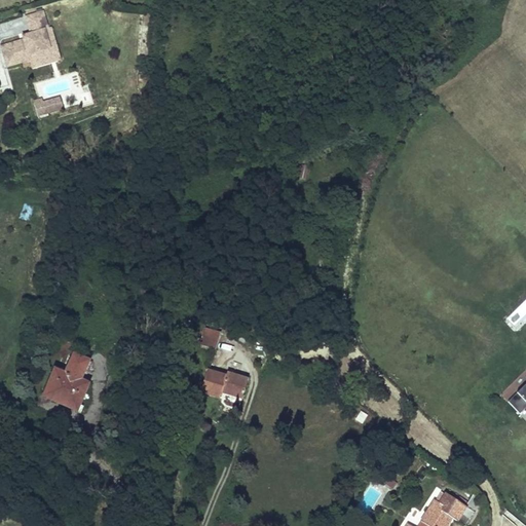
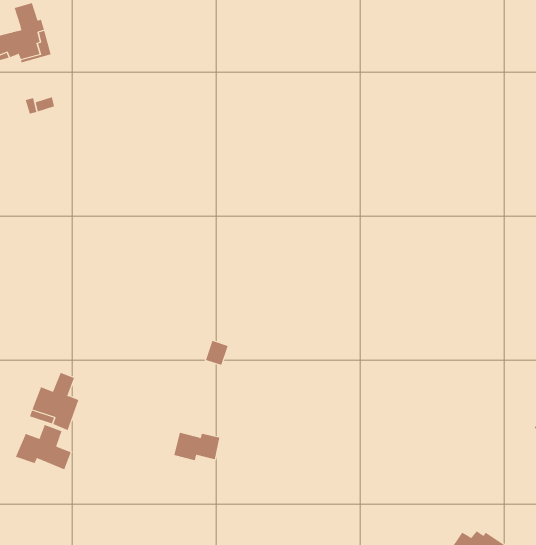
building: [206,368,250,394] -> [174,432,220,461]
building: none -> [15,424,72,470]

